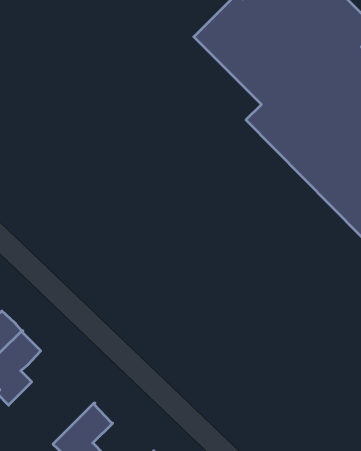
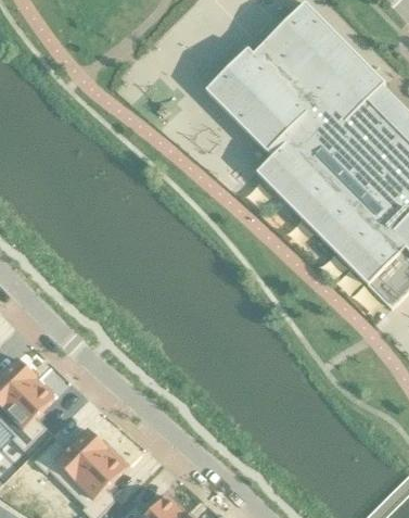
building: none -> [34,427,107,487]

